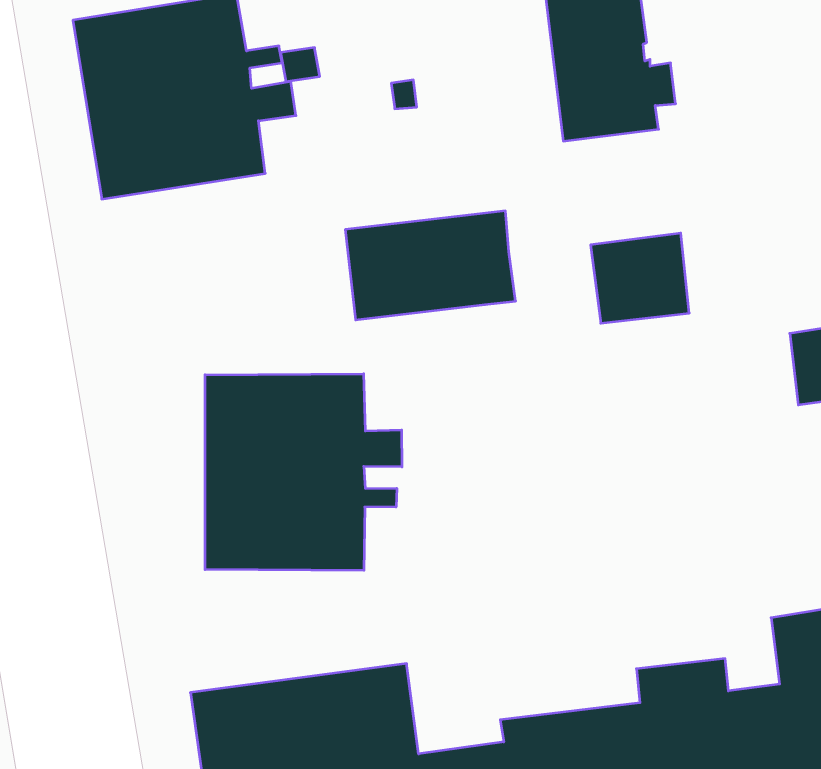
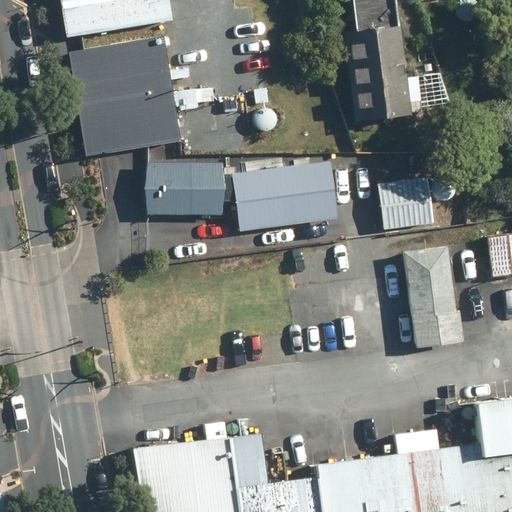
building: none -> [147,162,223,215]
building: none -> [404,246,464,349]
building: [205,374,402,570] -> none

